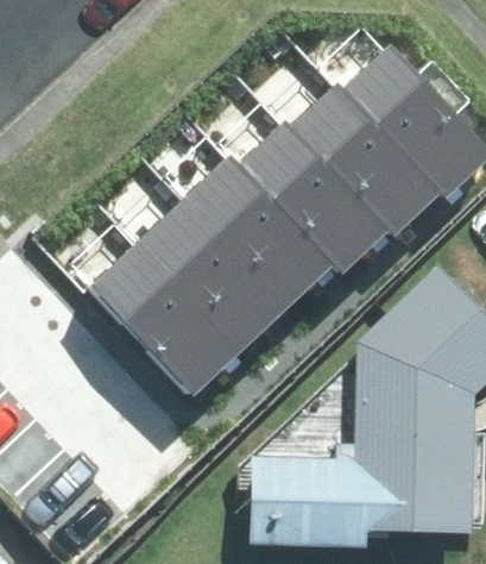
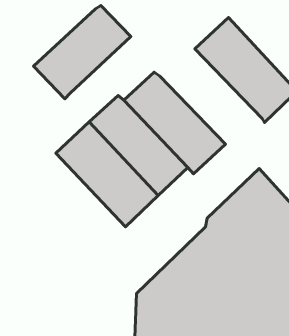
building: none -> [34,6,131,99]
building: [289,86,441,239] -> none
building: [87,245,238,397] -> none

